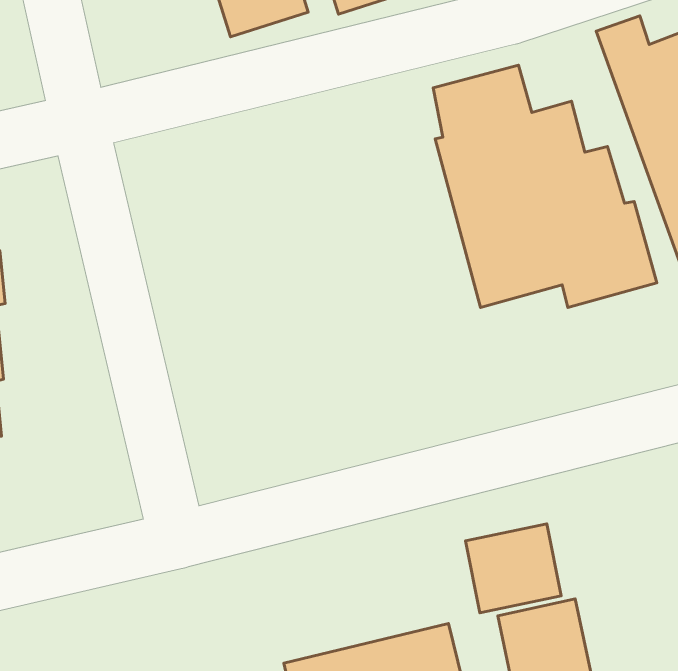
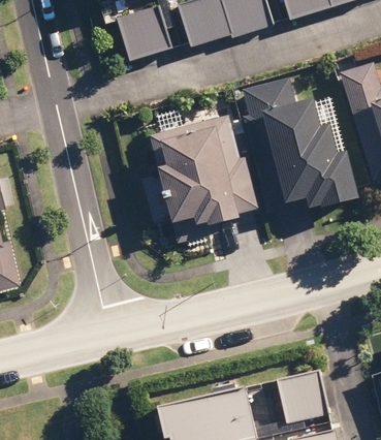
building: none -> [135,119,257,242]
building: [466,524,561,613] -> none

